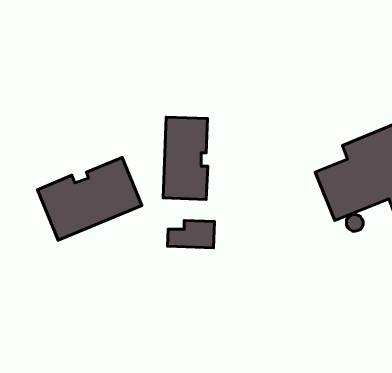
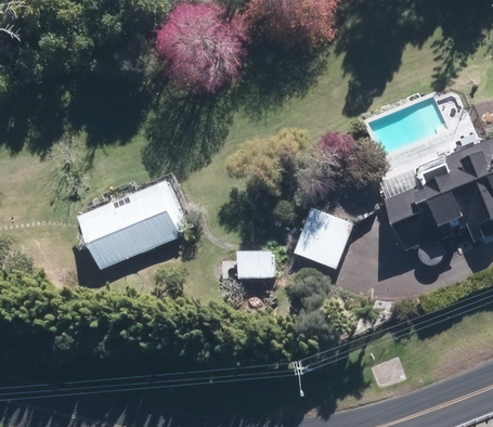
building: [163,117,208,200] -> none
building: none -> [295,206,355,269]

